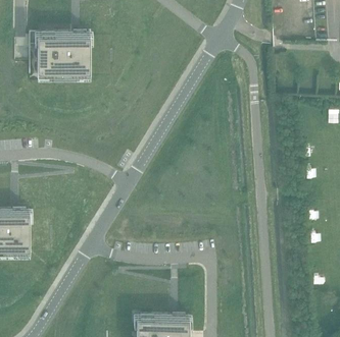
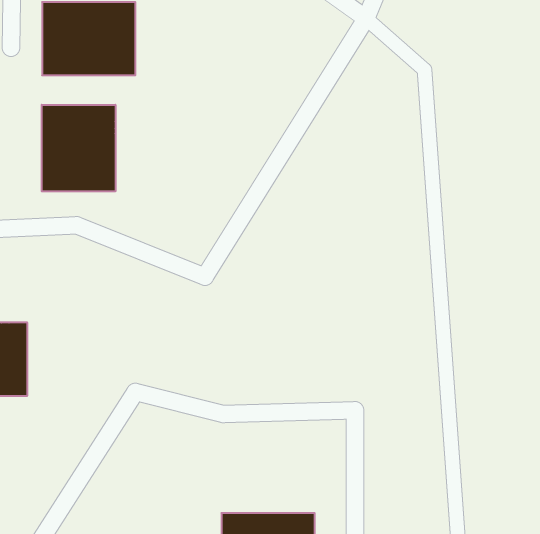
building: none -> [42,105,115,191]

